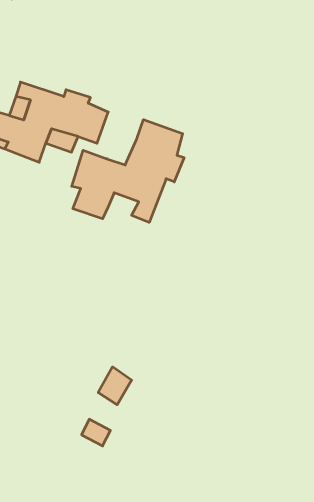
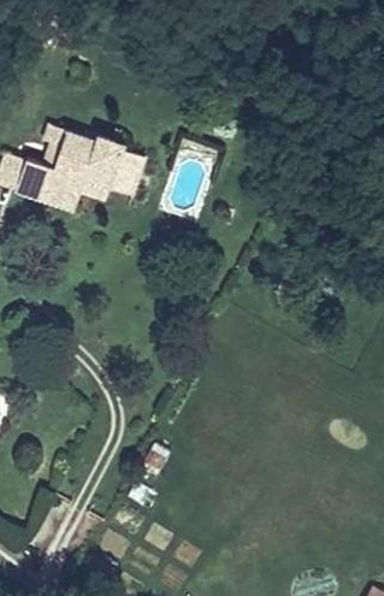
building: [72,120,184,222] -> none

